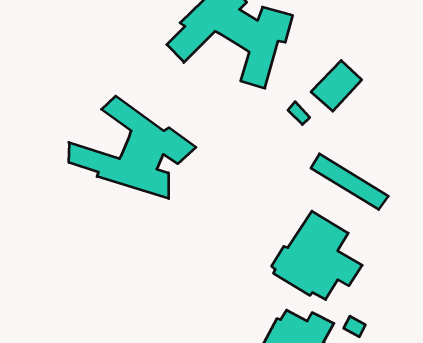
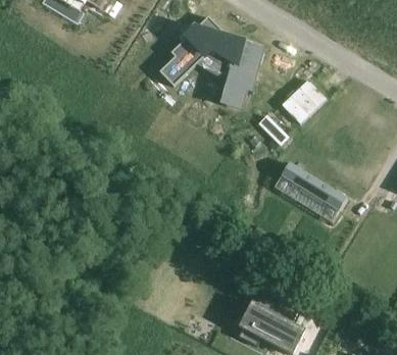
building: [69,96,196,199] -> none
building: [272,211,362,300] -> none

